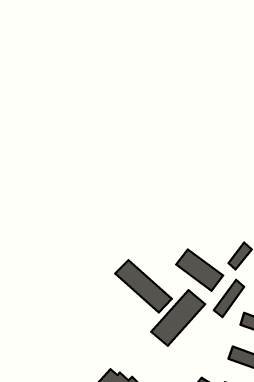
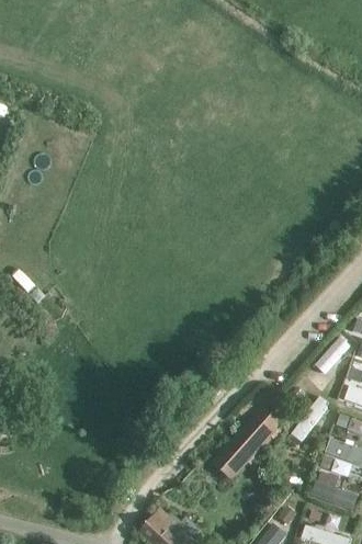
building: [176,250,223,291] -> none
building: [115,260,172,313] -> none

